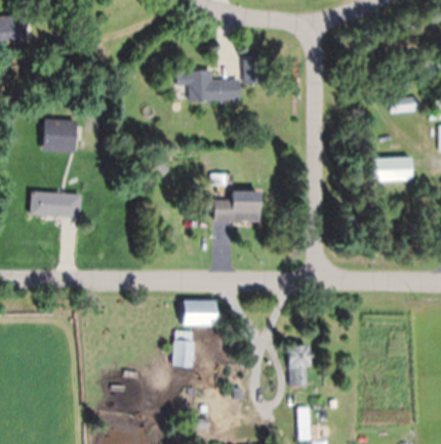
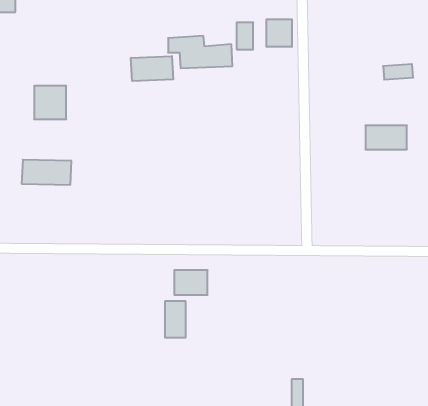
building: none -> [267,19,292,47]
building: none -> [131,56,173,81]
building: [213,191,260,219] -> none
building: [289,346,309,387] -> none

